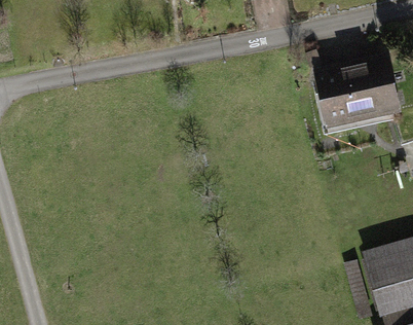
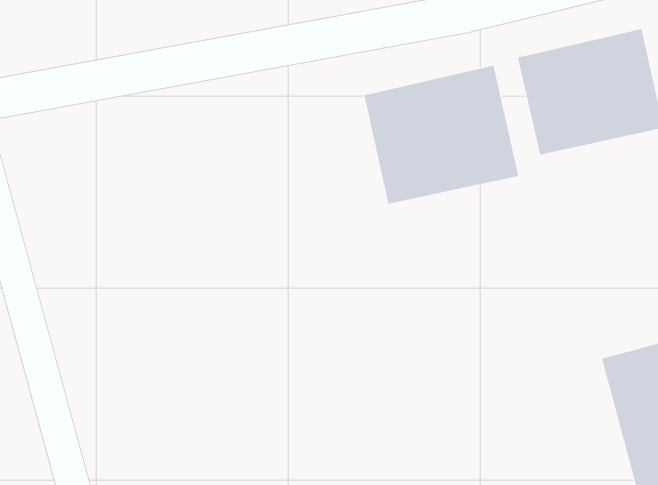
building: none -> [364,65,519,204]

